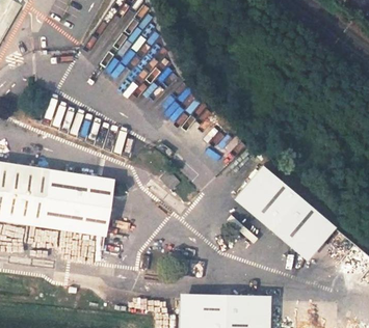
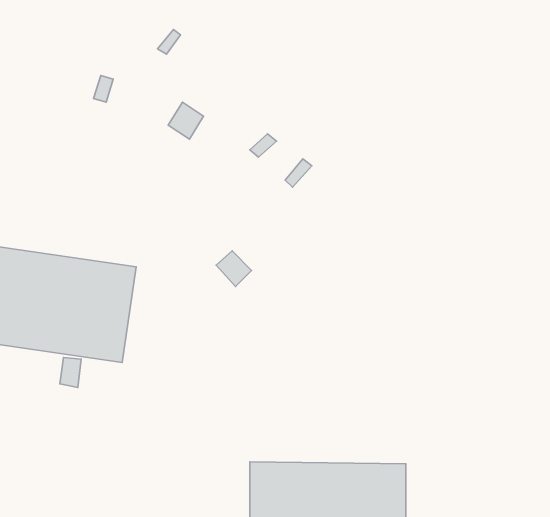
building: [233,165,336,262] -> none

